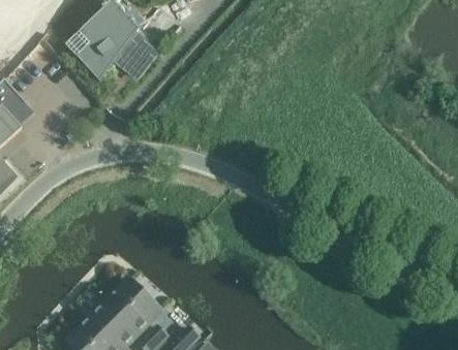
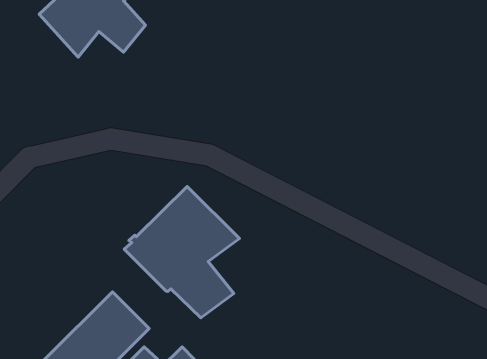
building: none -> [124,187,240,318]

